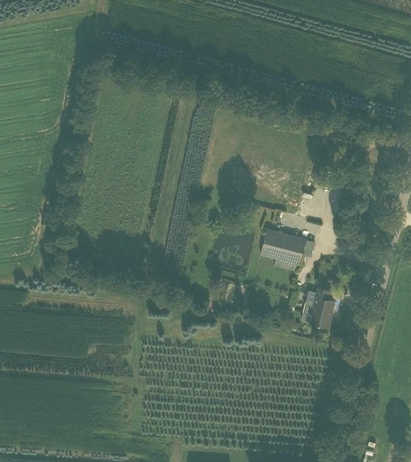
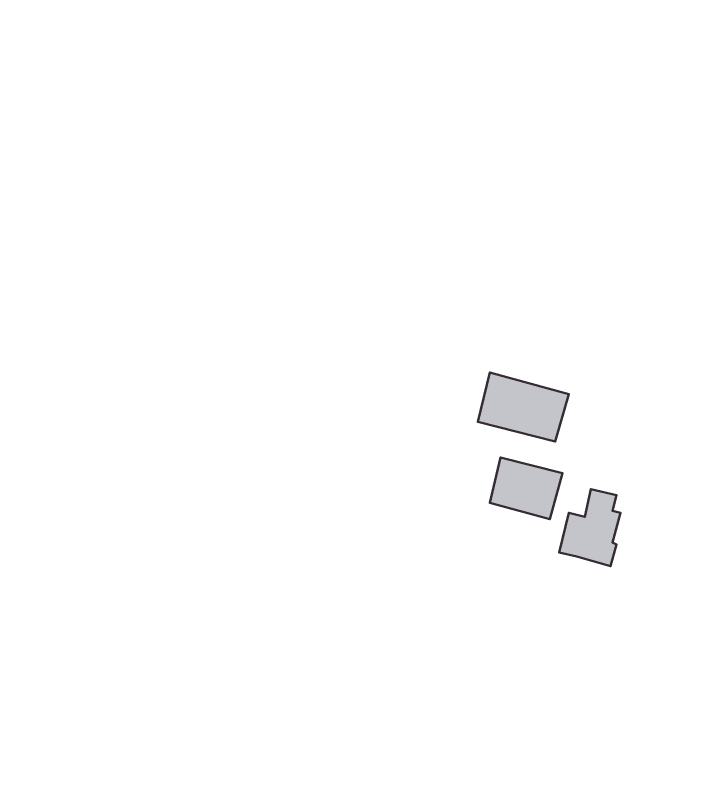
building: none -> [490,458,563,519]

